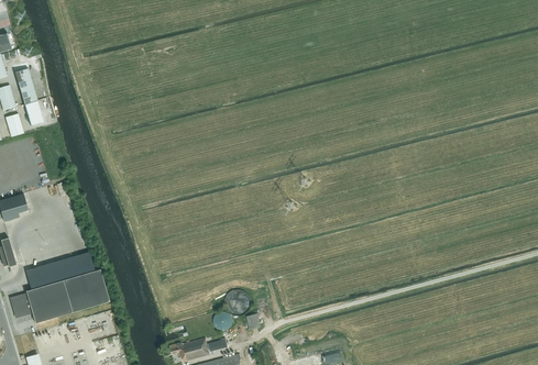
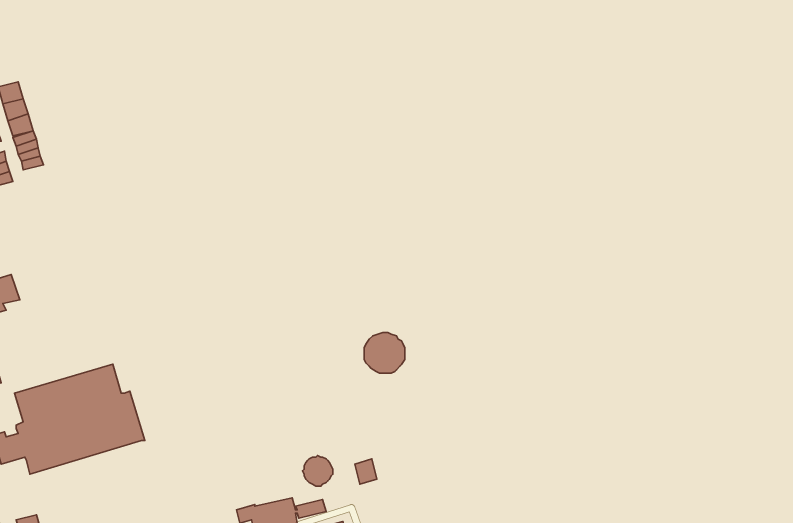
building: [223,289,250,316] -> [364,332,405,373]

